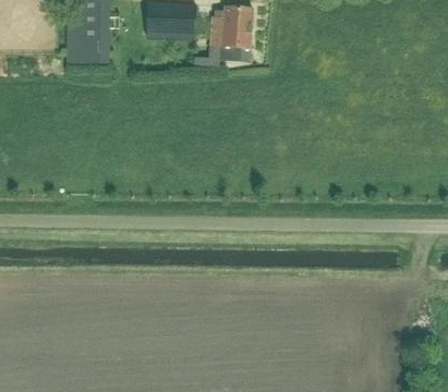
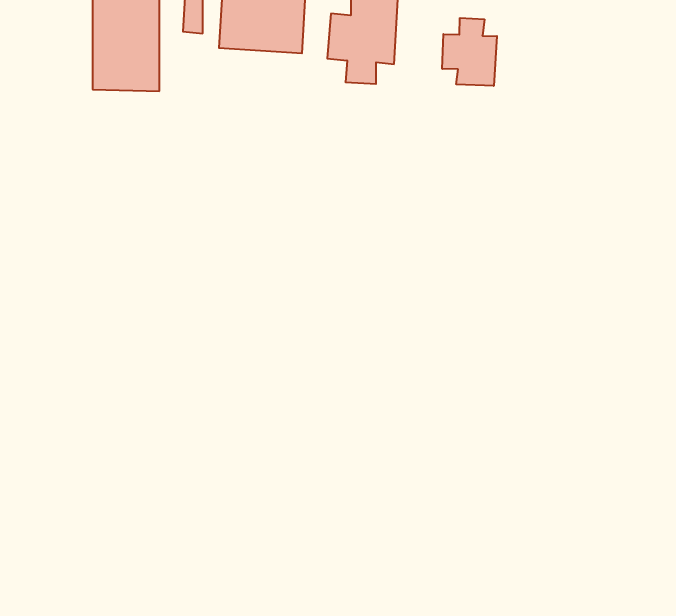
building: none -> [442,18,497,86]

